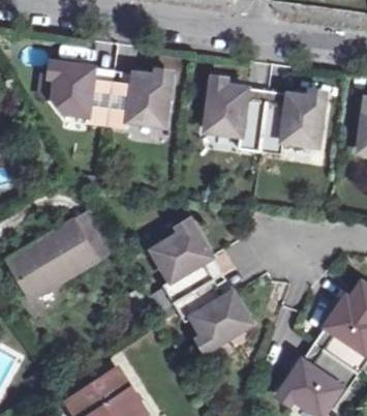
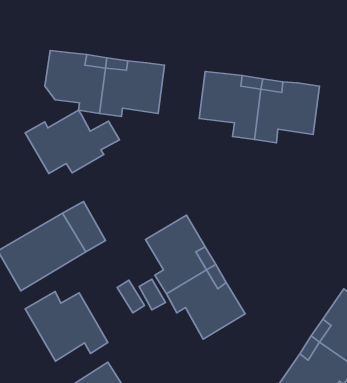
building: none -> [25,110,119,174]
building: none -> [25,291,108,361]

